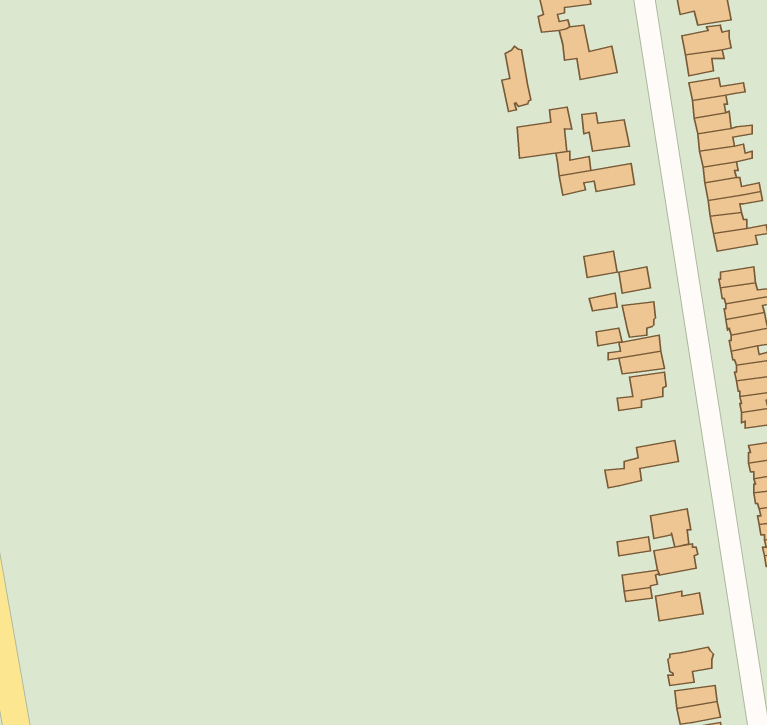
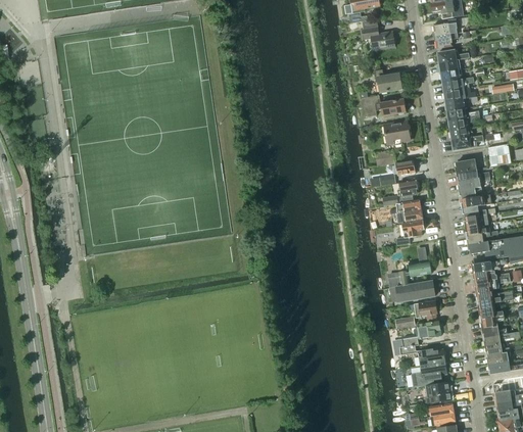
building: [502,46,531,112] -> none
building: [517,107,572,158] -> none
building: none -> [384,122,411,145]
building: none -> [396,281,435,301]
building: none -> [411,362,447,387]

